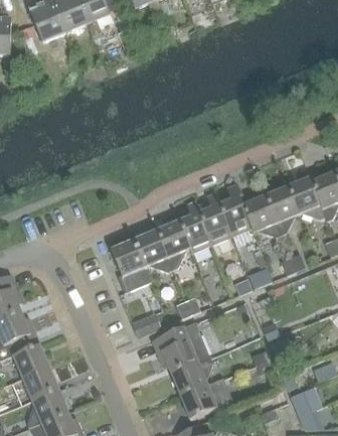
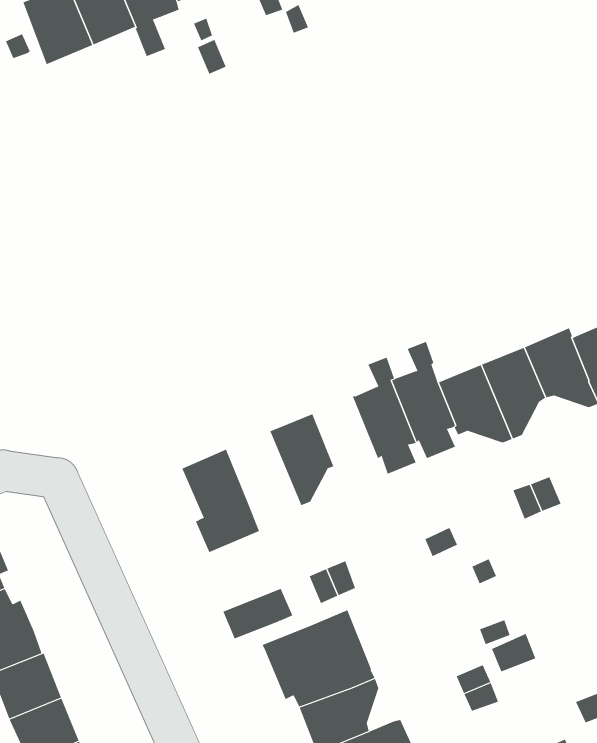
building: [178,201,211,262] -> none
building: [134,231,172,271] -> none

